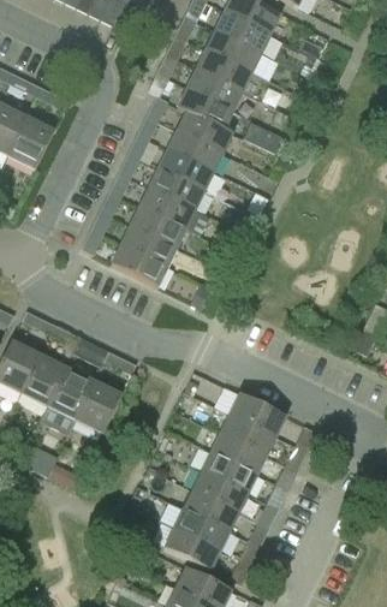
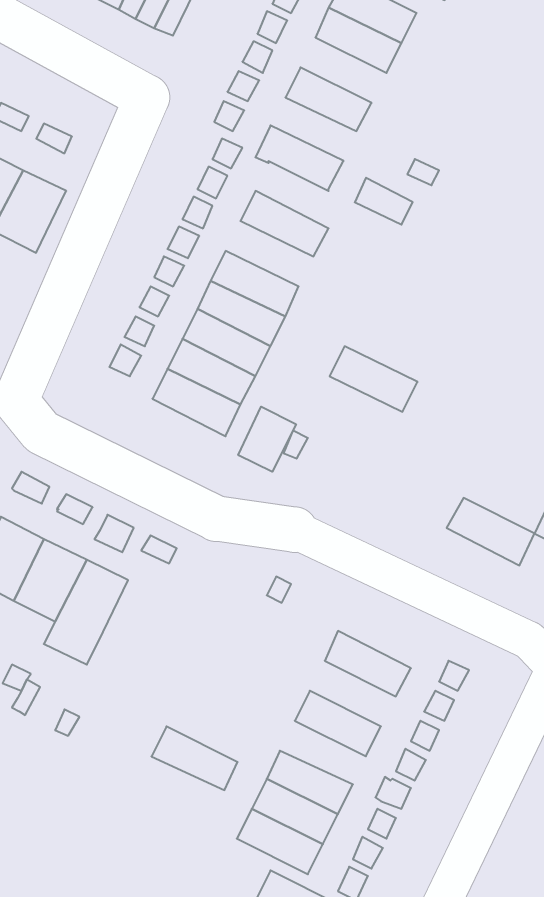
building: [206,30,261,72] -> none
building: [186,69,242,109] -> none
building: [177,109,233,153] -> none
building: [157,148,214,190] -> [330,346,418,412]
building: none -> [238,407,296,472]
building: [76,379,123,432] -> none
building: [230,392,286,435] -> [447,498,535,565]
building: [212,430,267,472] -> none
building: [192,469,248,510] -> [151,726,238,790]

